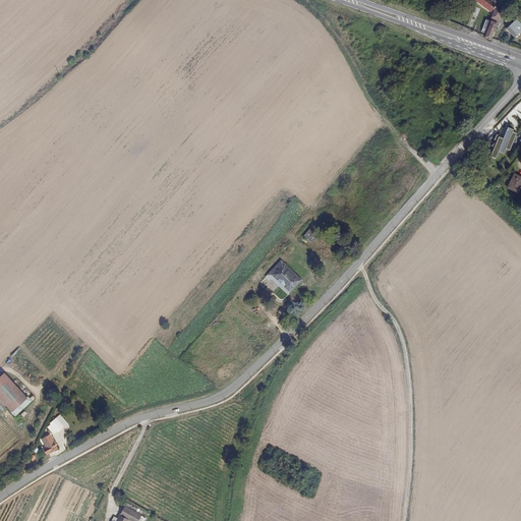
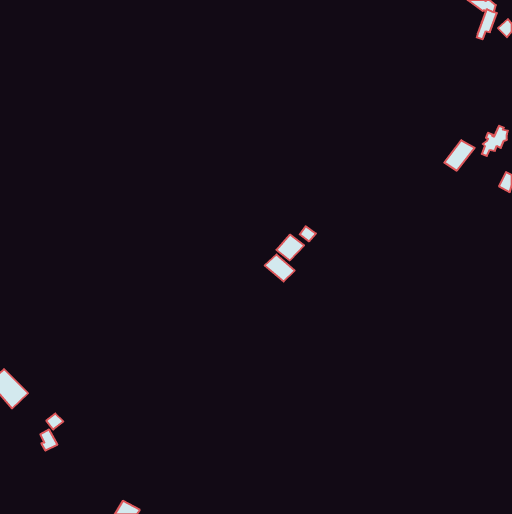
building: none -> [444,140,475,171]
building: none -> [276,235,304,260]

